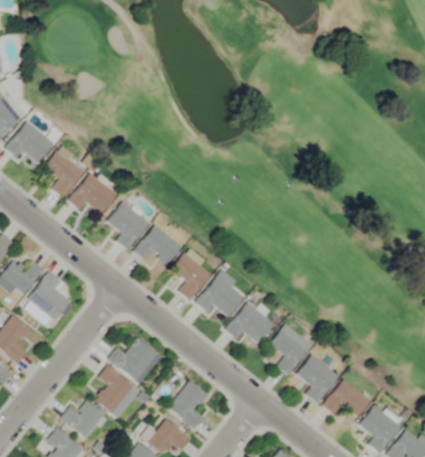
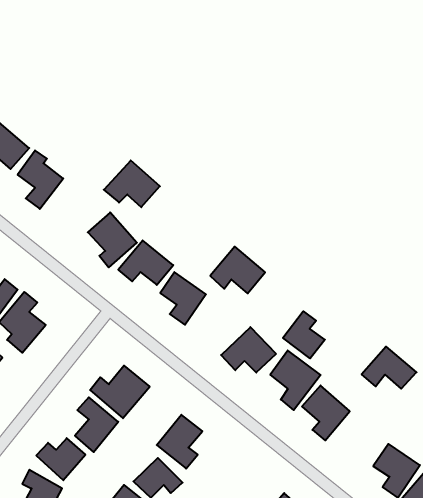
building: [68,172,117,214] -> [104,160,160,207]
building: [196,275,245,317] -> [210,247,265,293]
building: none -> [283,311,325,358]
building: [323,379,372,416] -> [362,347,417,389]

